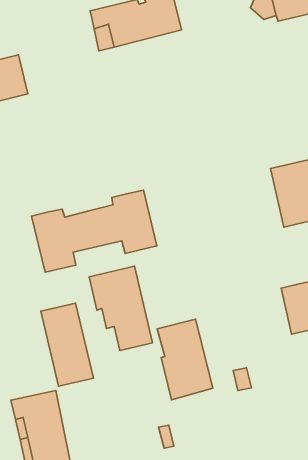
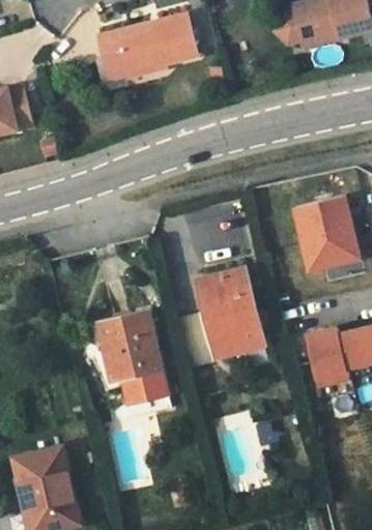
building: [32,190,157,272] -> none
building: [41,303,93,386] -> none
building: [157,319,213,400] -> [201,269,261,356]

